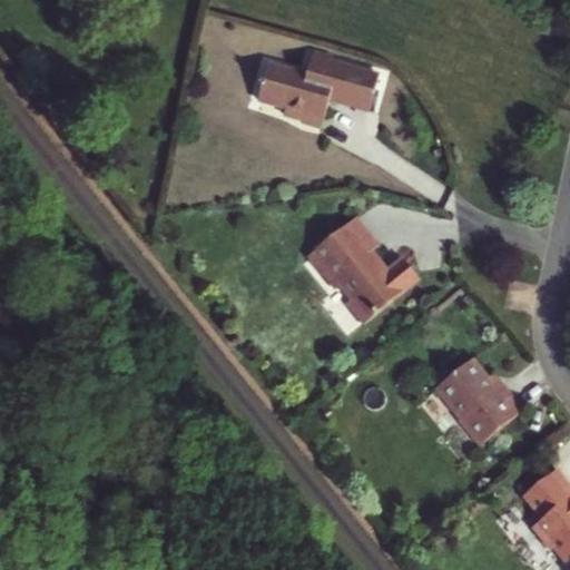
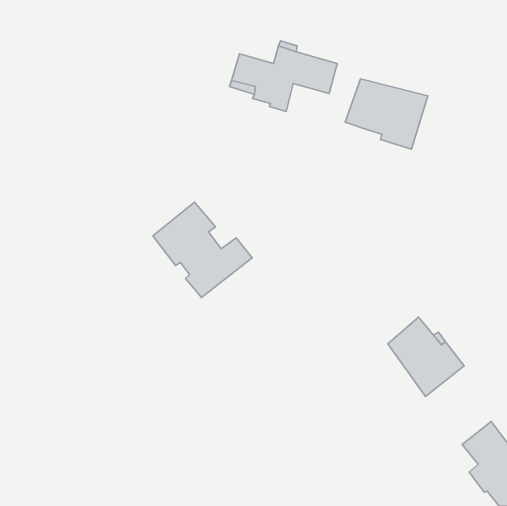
building: none -> [345,79,428,149]
building: [305,219,416,326] -> [153,202,252,297]

